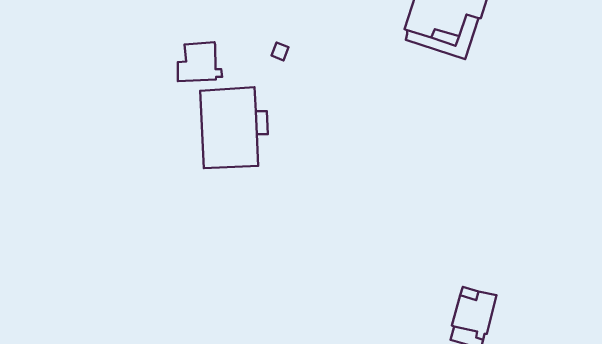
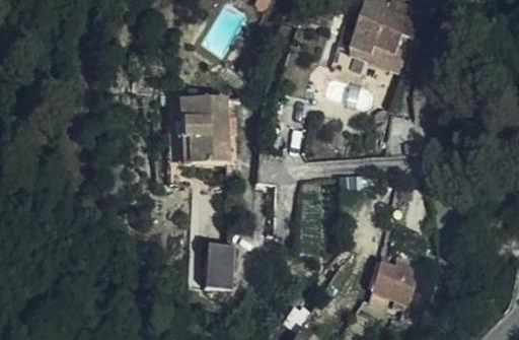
building: [178,42,222,81] -> none
building: none -> [204,242,231,285]

